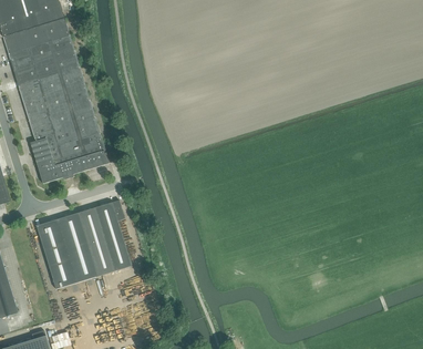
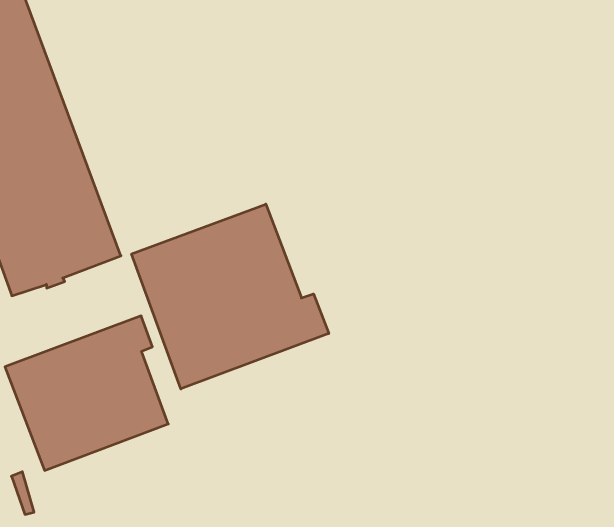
building: none -> [132,204,329,389]

